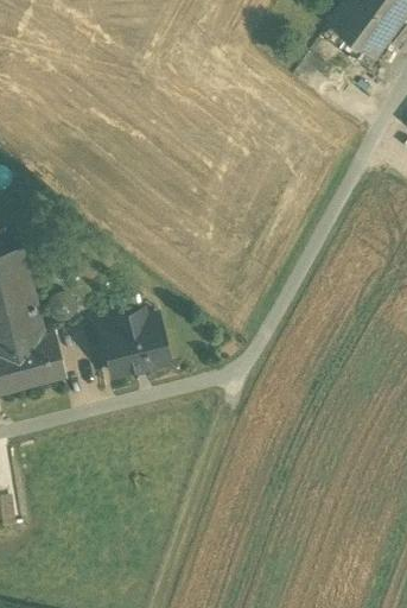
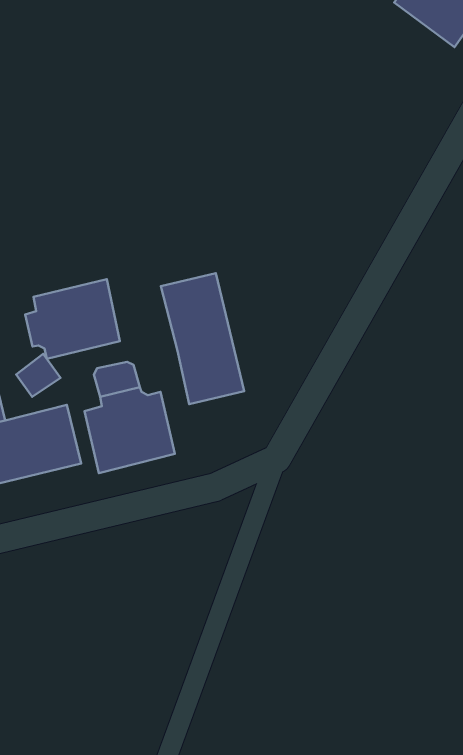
building: none -> [161,273,244,404]
building: none -> [25,279,120,359]

